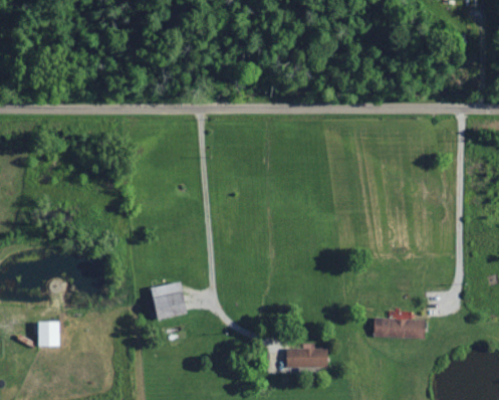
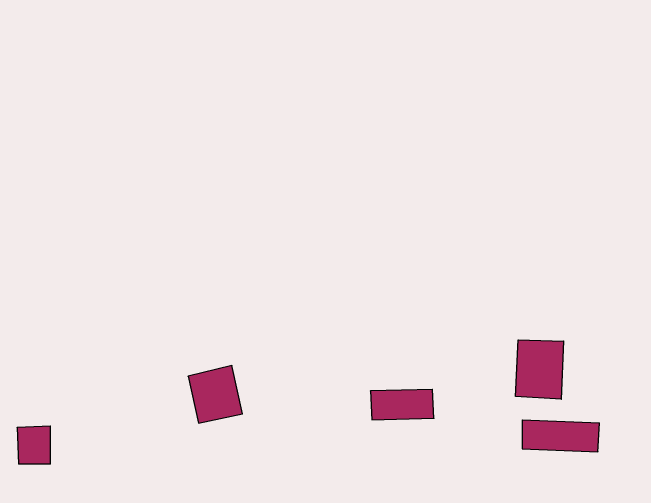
building: none -> [516,340,564,399]
building: [285,348,327,368] -> [370,389,434,420]

